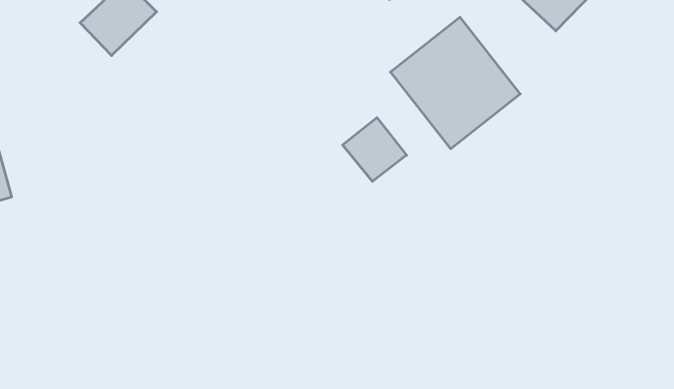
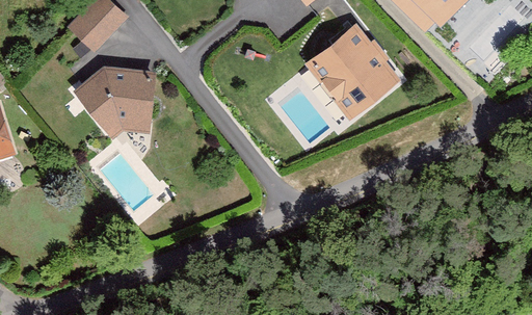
building: none -> [73,65,158,138]
building: [343,118,407,181] -> none

